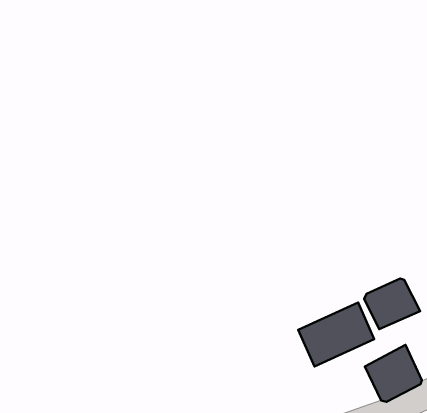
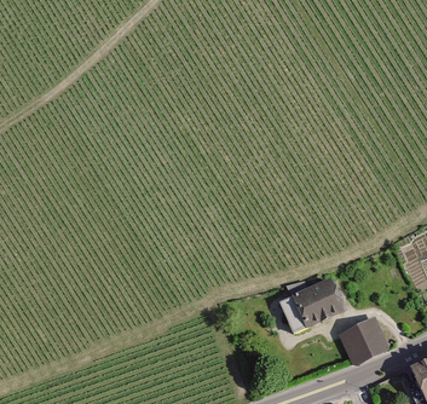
building: [364,279,420,329] -> none

